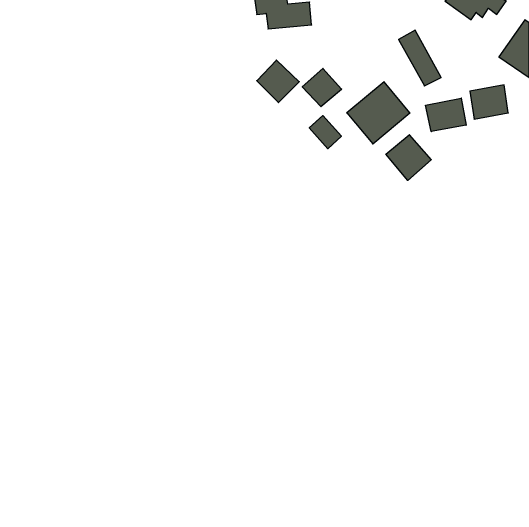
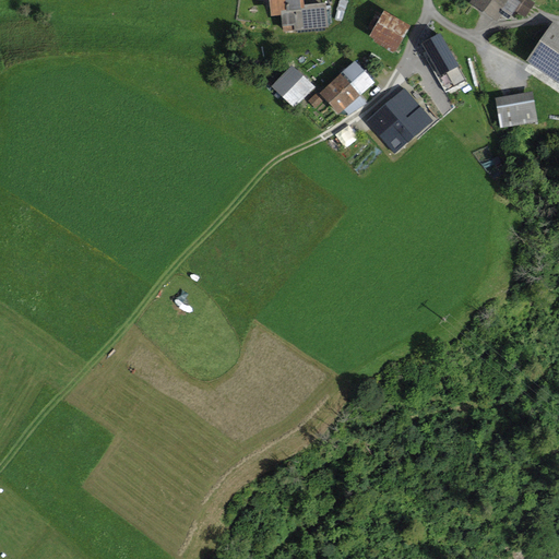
building: none -> [369,10,411,50]
building: [426,98,466,132] -> none
building: [309,116,341,149] -> [341,59,374,94]
building: [386,135,431,180] -> none

